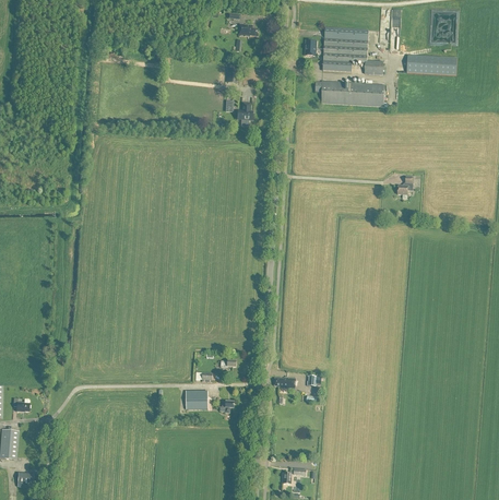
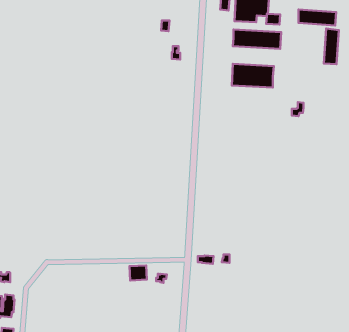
building: none -> [324,29,339,64]
building: none -> [232,64,274,88]

